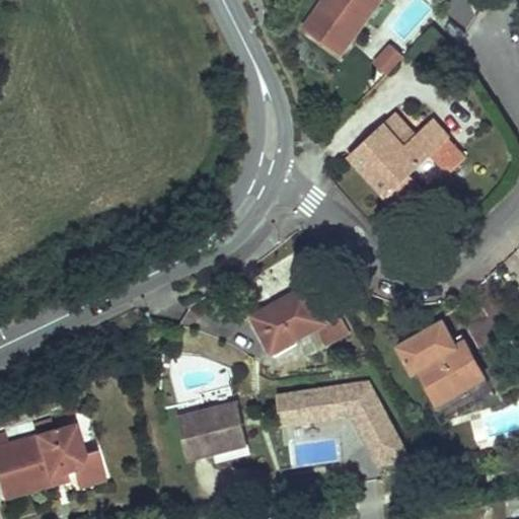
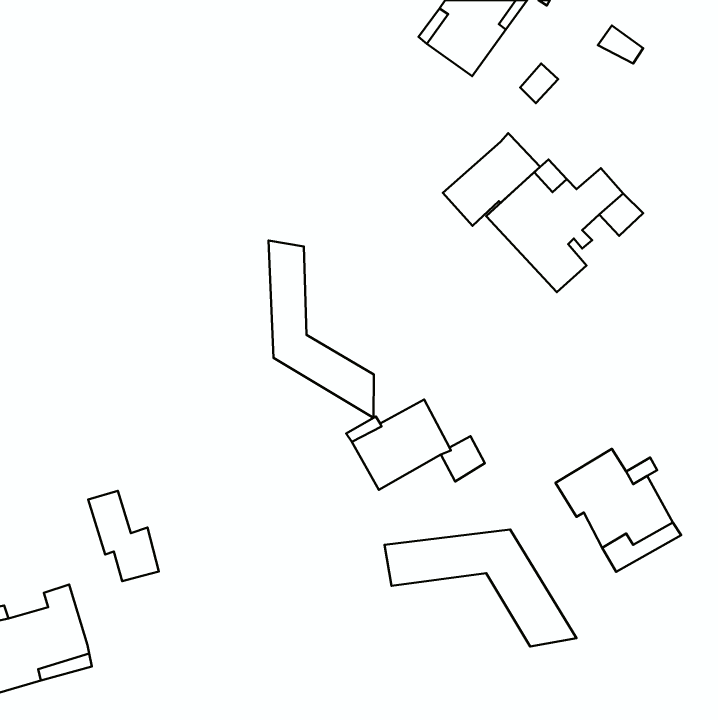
building: none -> [443,133,540,226]
building: none -> [269,241,374,418]
building: [177,405,247,461] -> none
building: [51,419,101,484] -> [88,491,159,581]

